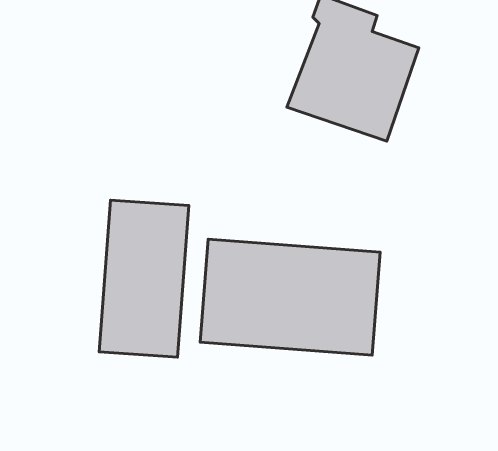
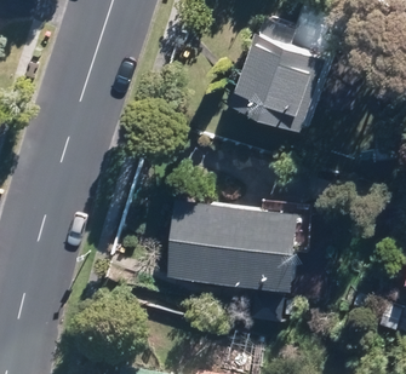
building: [99,200,189,357] -> none

